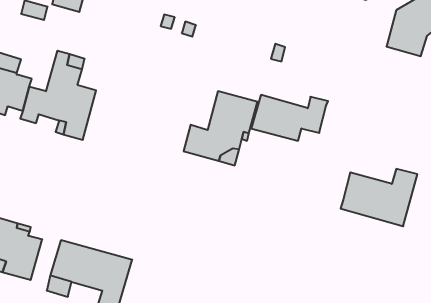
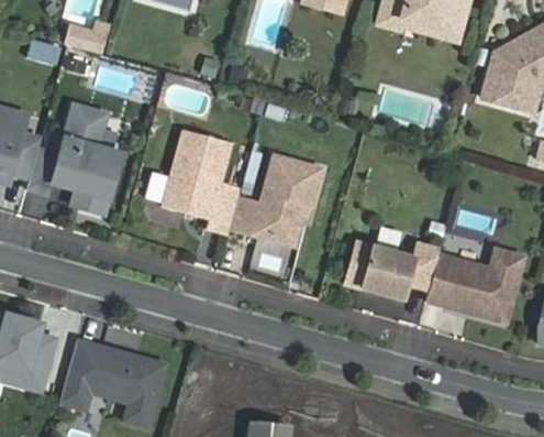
building: none -> [163,129,241,233]
building: [251,95,328,141] -> [344,241,440,298]

